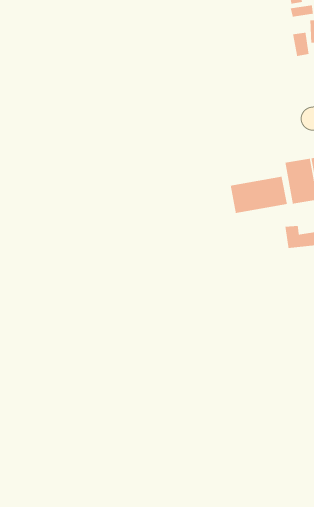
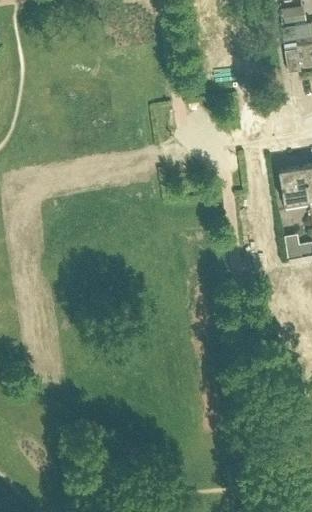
building: [230,176,288,214] -> none

